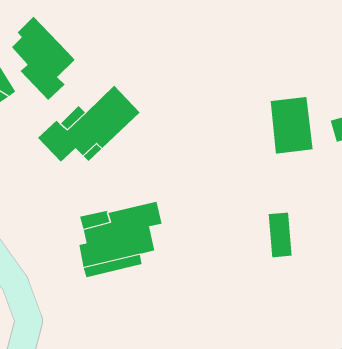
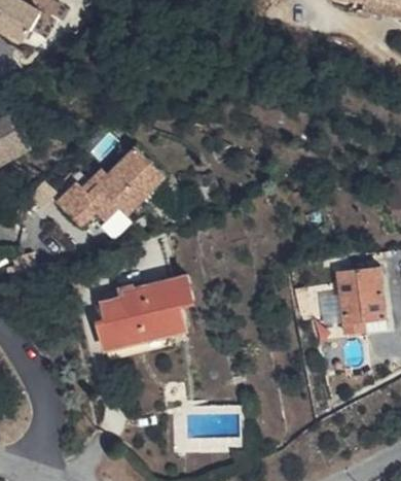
building: [11,16,75,101] -> none
building: [270,96,314,154] -> [339,265,389,330]

